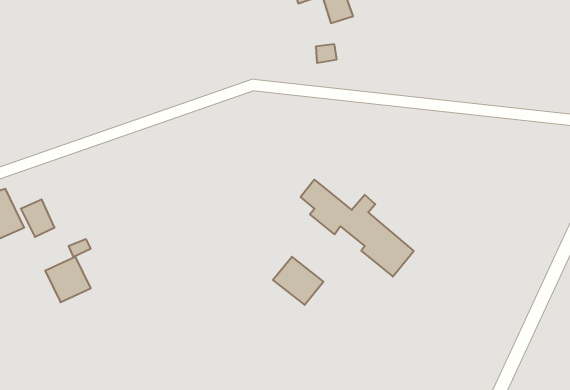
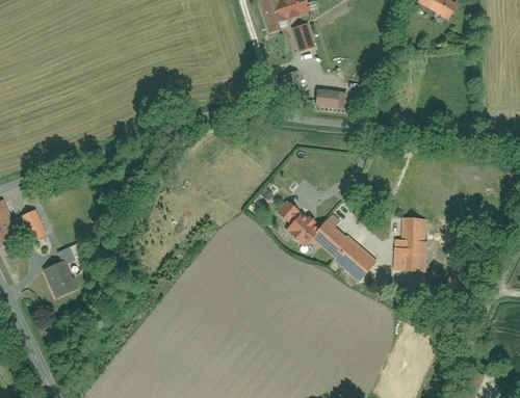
building: none -> [312,85,336,106]
building: none -> [390,213,424,269]
building: [273,257,323,305] -> none

